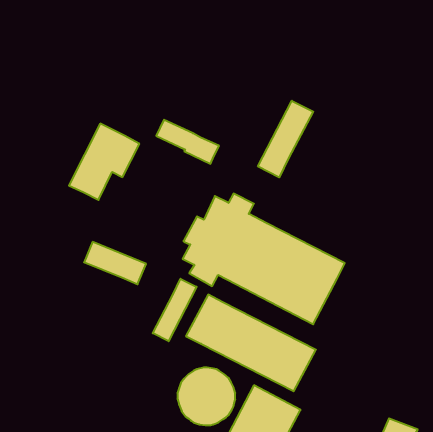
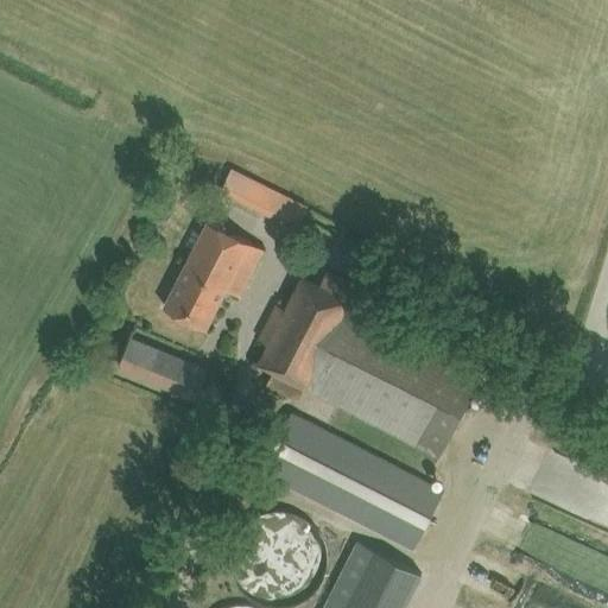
building: [258,101,313,177] -> none
building: [69,124,139,200] -> [164,222,262,329]
building: [153,279,197,341] -> none

